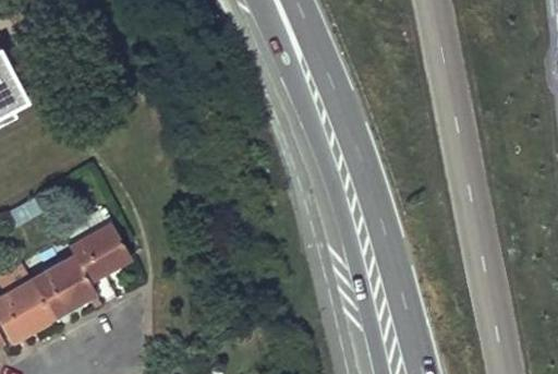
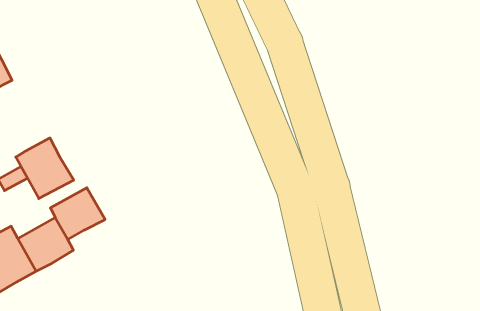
building: none -> [16,138,74,199]

